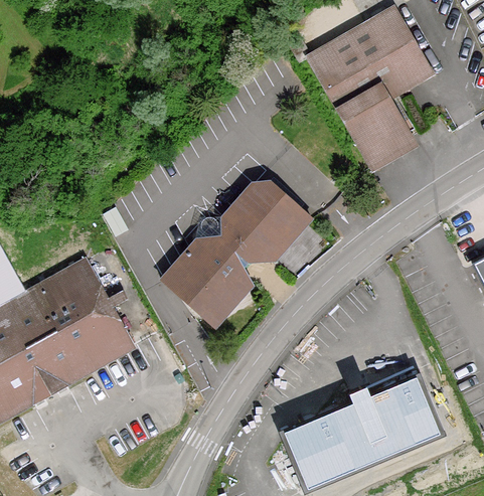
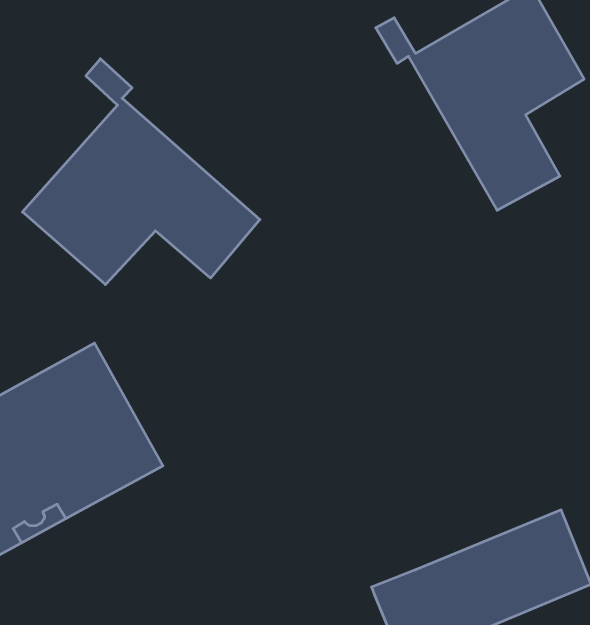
building: none -> [22,59,260,285]
building: [176,187,298,313] -> none

